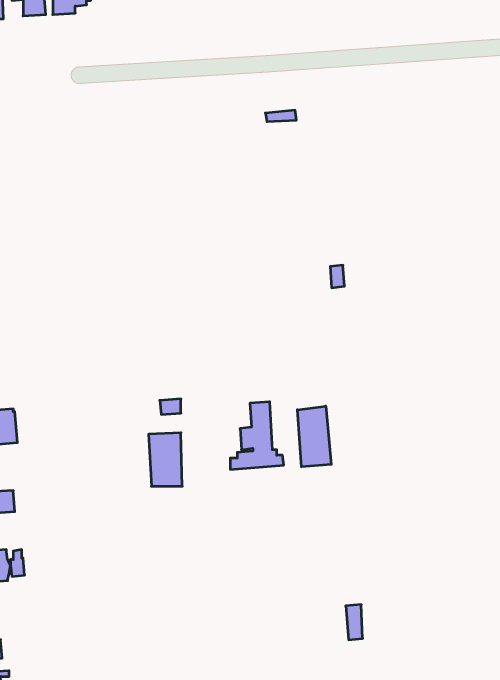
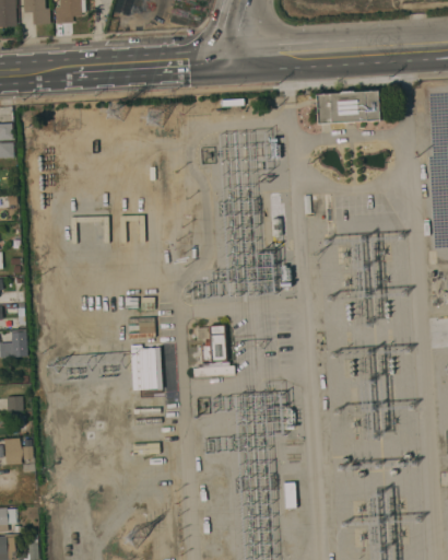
building: none -> [316,90,380,124]
building: [297,406,331,467] -> none

